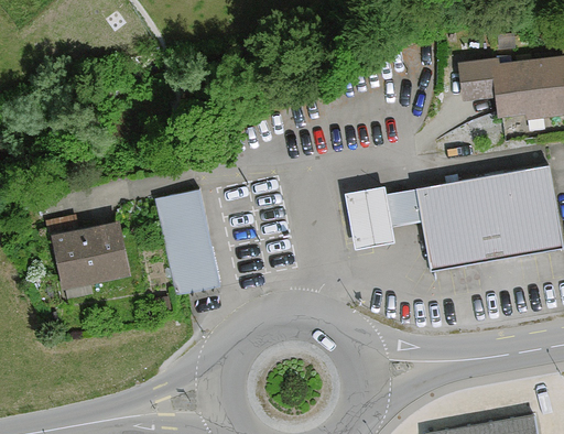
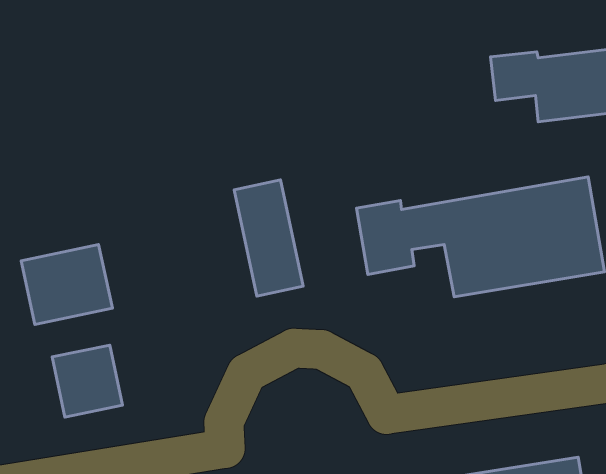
building: [160,192,220,294] -> [234,180,303,296]
building: none -> [52,345,123,417]

